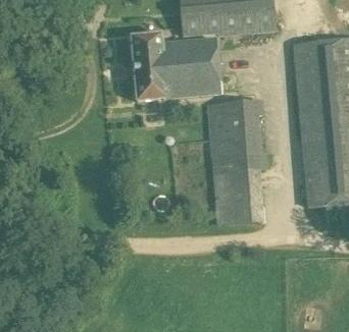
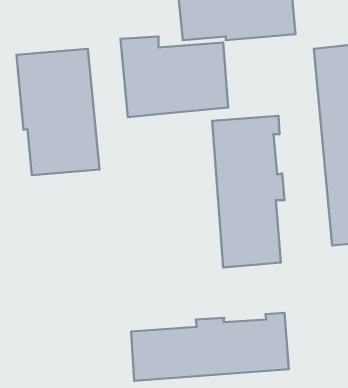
building: none -> [16,49,99,175]
building: none -> [131,313,289,381]

